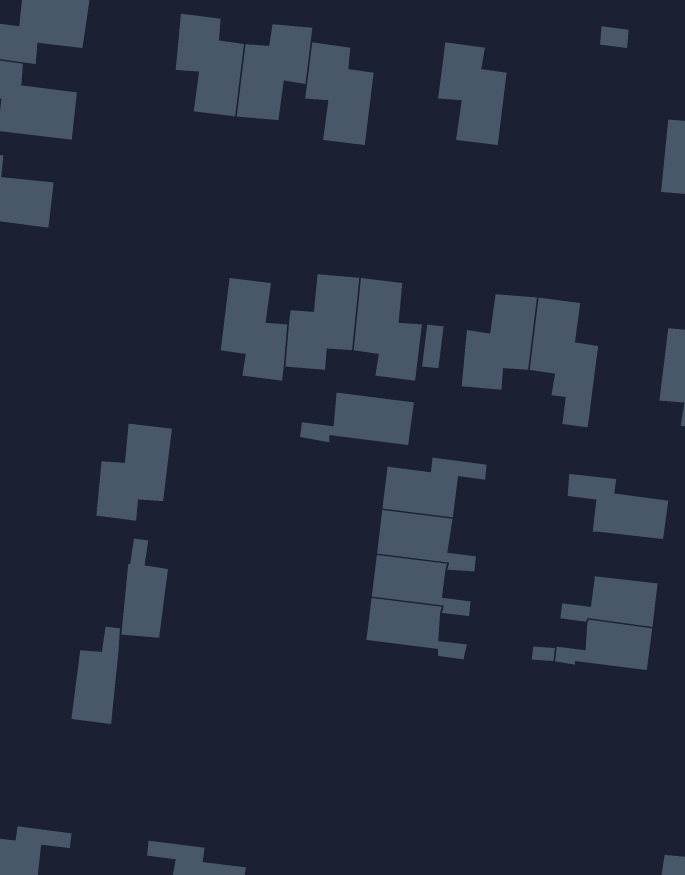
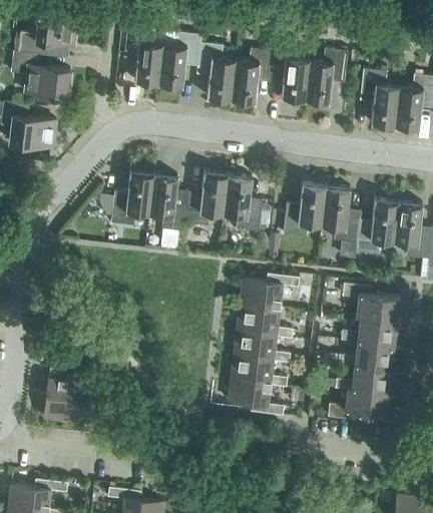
building: none -> [231,49,274,103]
building: none -> [305,49,348,103]
building: none -> [360,69,399,127]
building: none -> [356,199,399,253]
building: [299,392,415,446] -> none
building: [96,423,173,522] -> [111,171,154,226]
building: none -> [342,317,397,345]
building: [120,538,169,639] -> [44,365,71,421]
building: none -> [228,377,284,416]
building: none -> [328,389,388,421]

